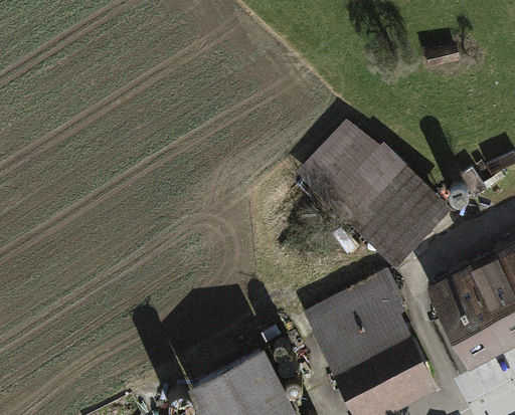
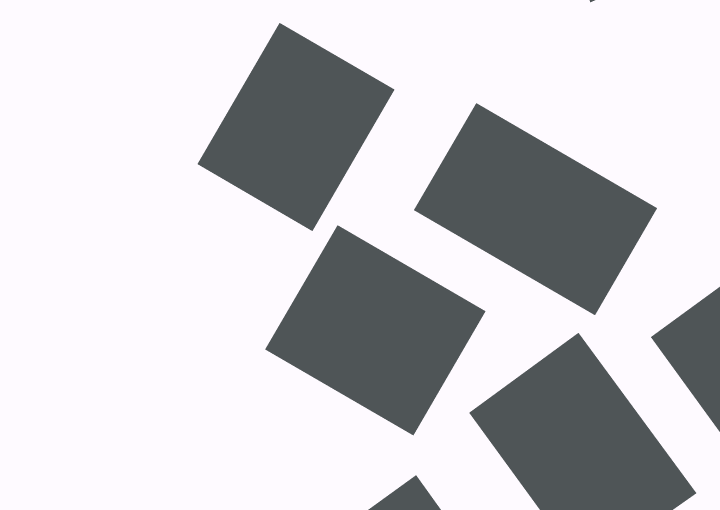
building: none -> [196,22,396,232]
building: none -> [264,224,487,437]

